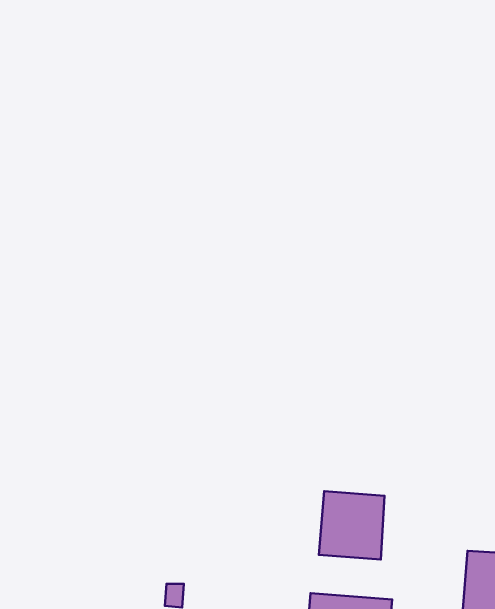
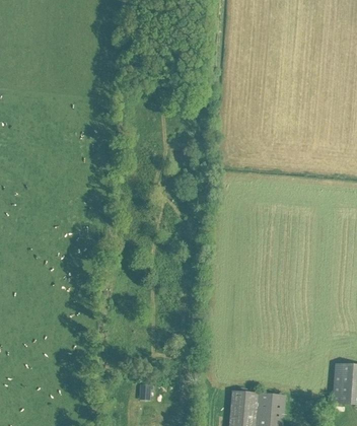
building: [319,491,385,560] -> none

